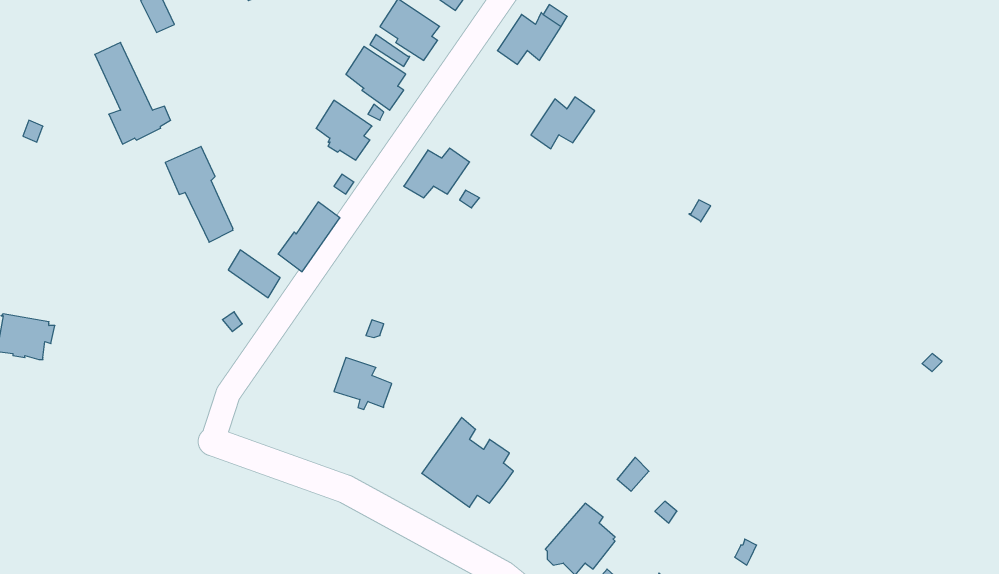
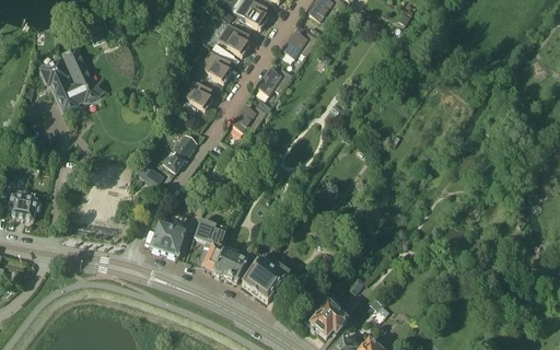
building: [531,97,595,149] -> [258,67,293,95]
building: [165,146,233,242] -> [40,57,78,109]
building: none -> [151,217,185,256]
building: none -> [202,243,247,282]

